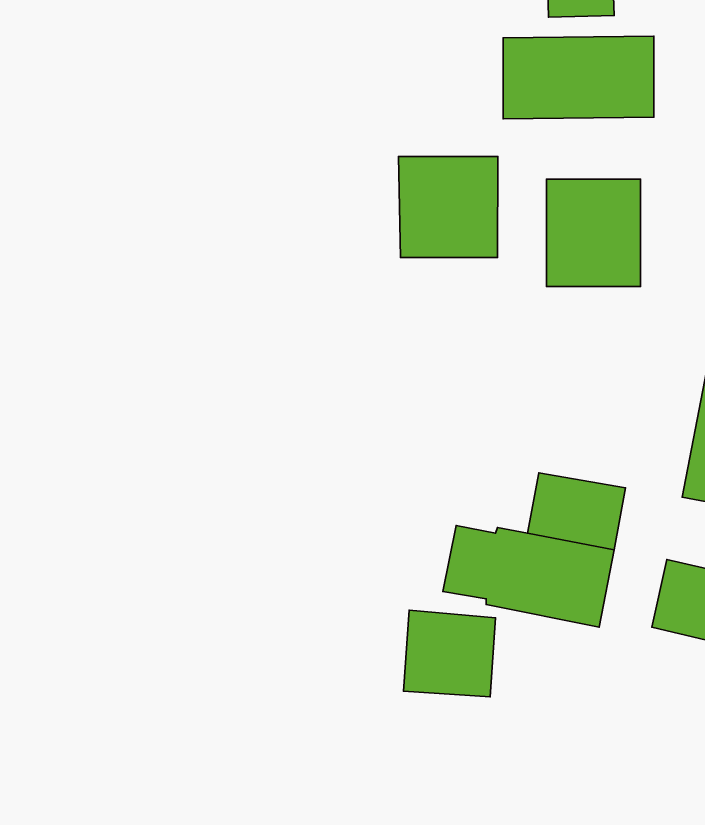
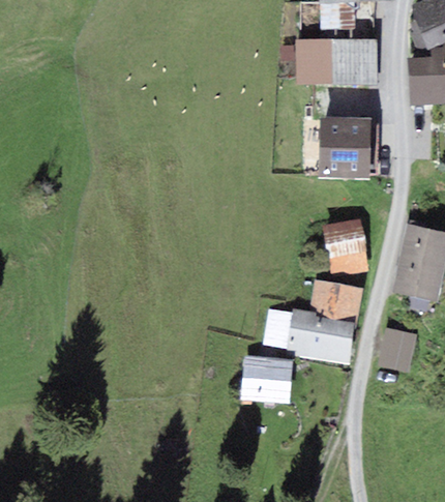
building: [399,156,498,258] -> none
building: none -> [321,216,369,277]

